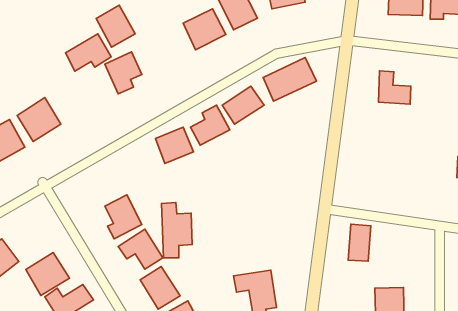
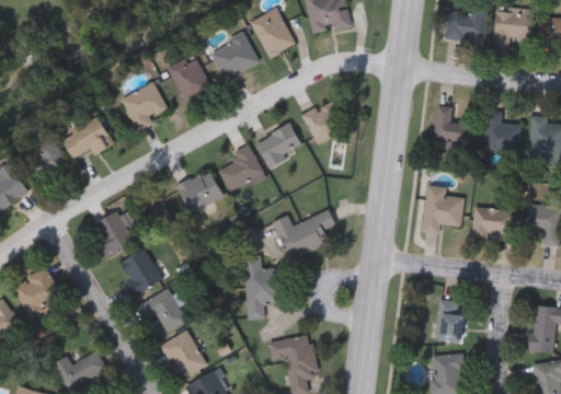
building: [96,5,135,47] -> [168,56,213,104]
building: [65,34,111,71] -> [60,116,113,159]
building: none -> [482,111,520,153]
building: none -> [423,185,462,233]
building: none -> [472,207,513,239]
building: none -> [92,209,139,255]
building: none -> [274,210,335,259]
building: [162,203,192,258] -> [244,255,279,318]
building: [348,224,371,261] -> [436,299,462,341]
building: [26,252,70,295] -> [13,266,64,315]

